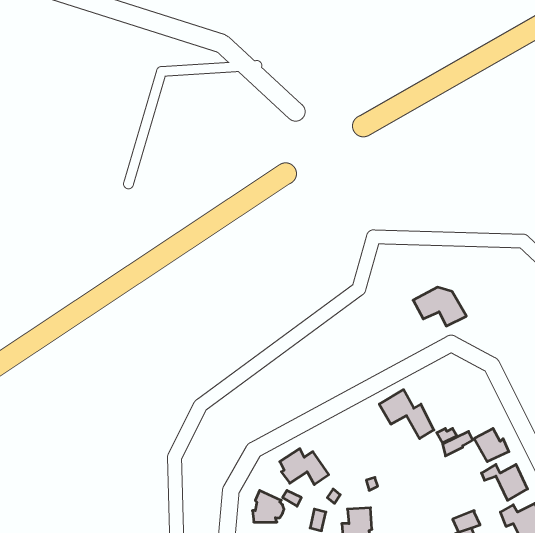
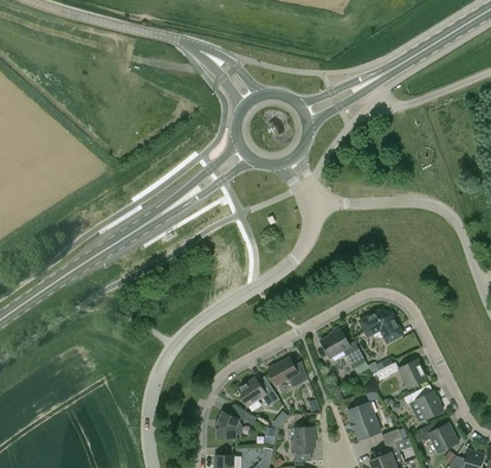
building: [413,287,466,326] -> [358,310,402,342]
building: none -> [267,358,306,386]
building: none -> [347,403,380,441]

